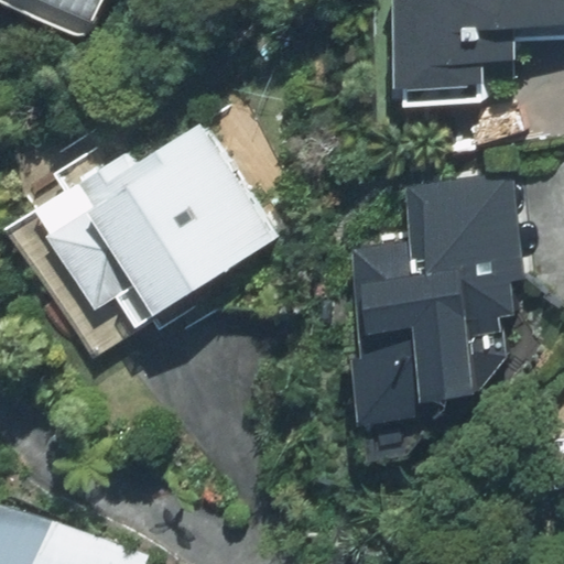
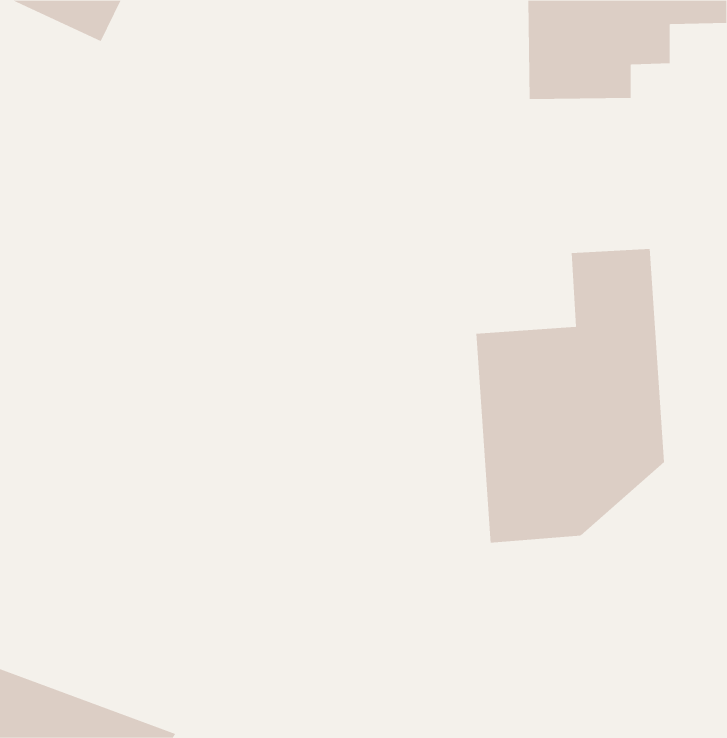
building: [46,132,261,326] -> none

